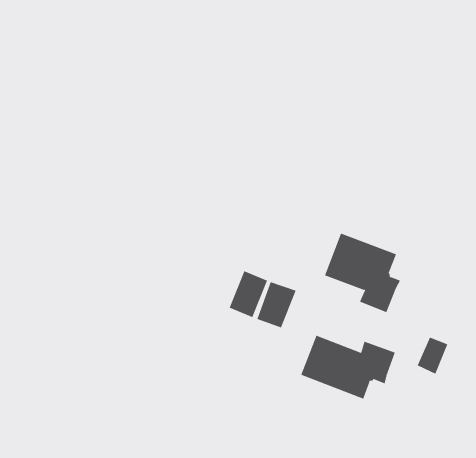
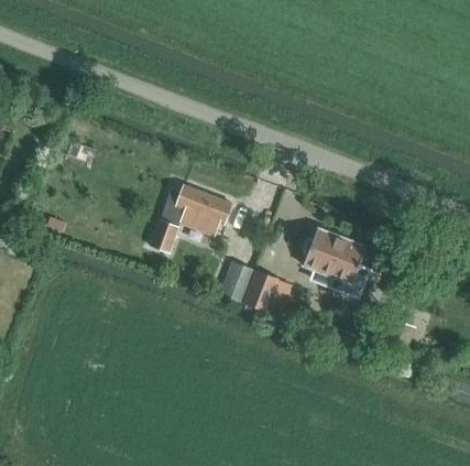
building: none -> [150,185,231,253]
building: [301,335,396,399] -> none

